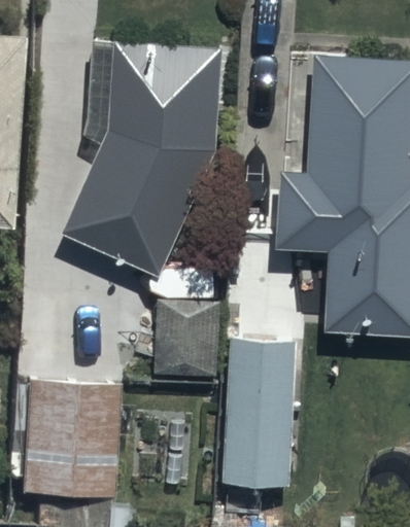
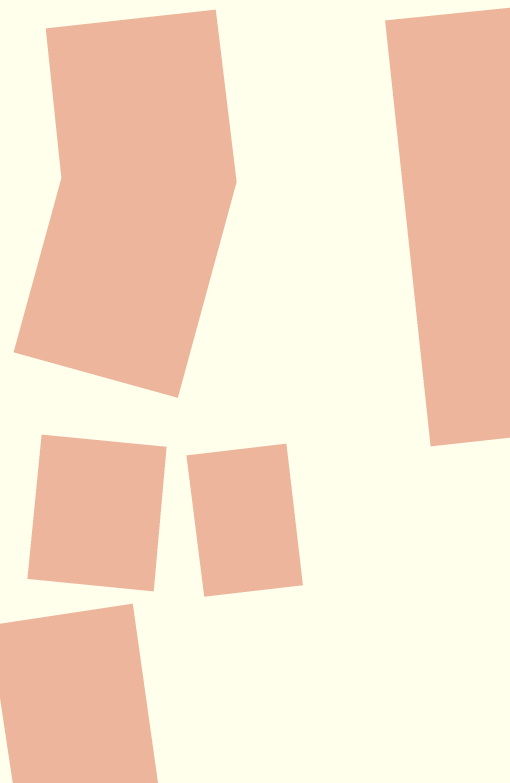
building: none -> [26,434,167,592]
building: [224,343,297,490] -> none

